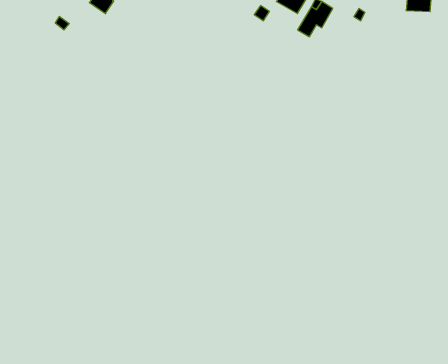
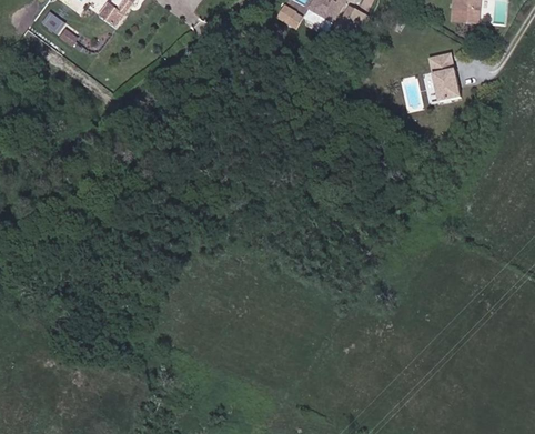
building: none -> [433,68,461,100]

